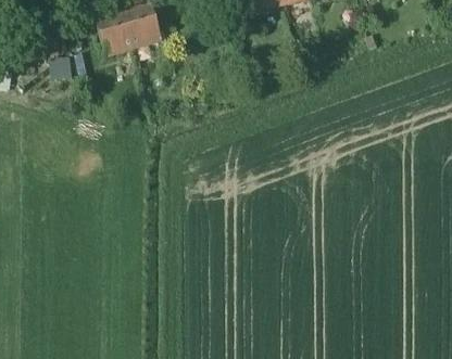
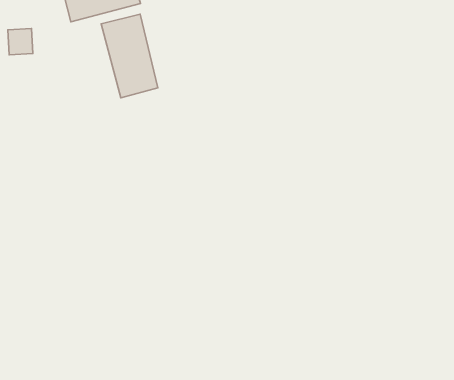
building: none -> [101,14,158,98]

